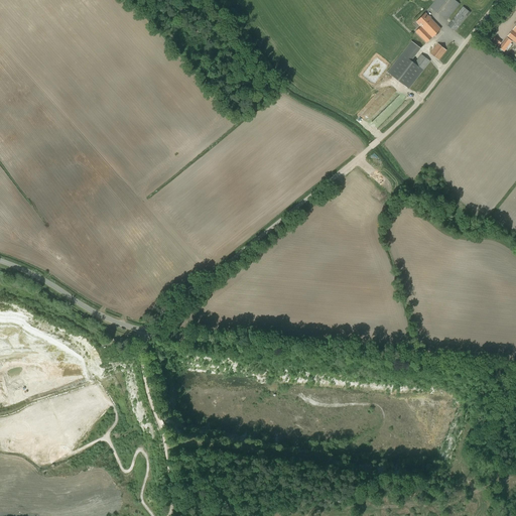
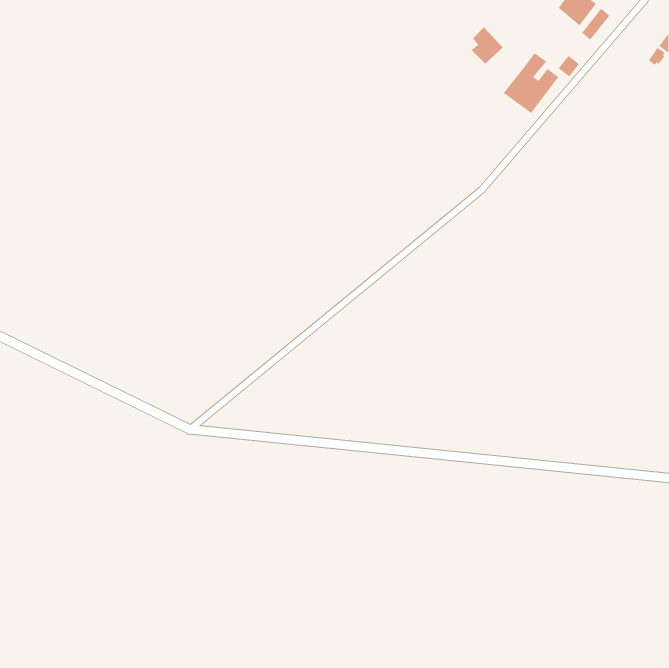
building: [415,12,440,41] -> [471,27,503,65]

